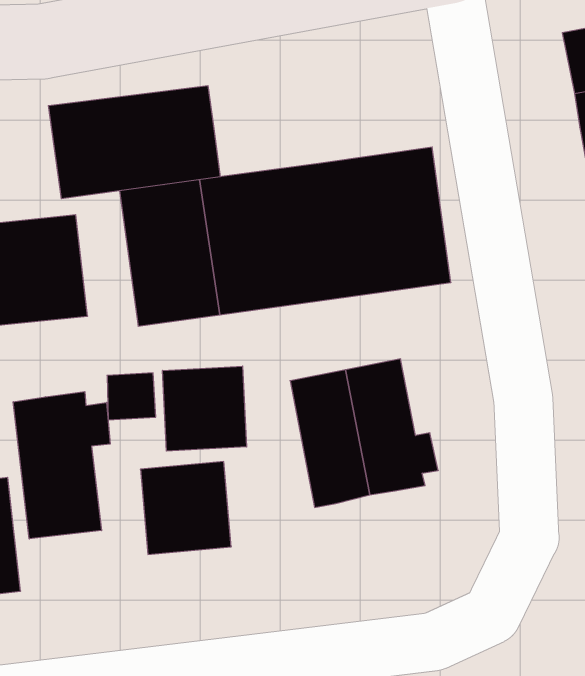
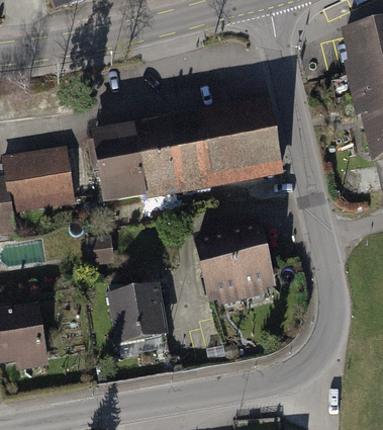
building: [48,86,220,199] -> none
building: [163,366,247,451] -> none
building: [13,392,110,539] -> none

